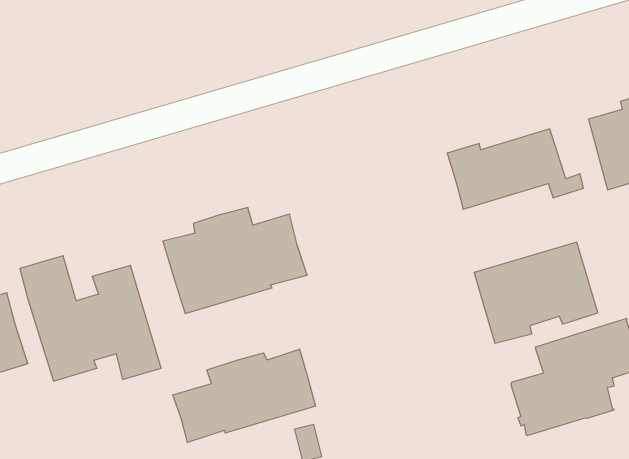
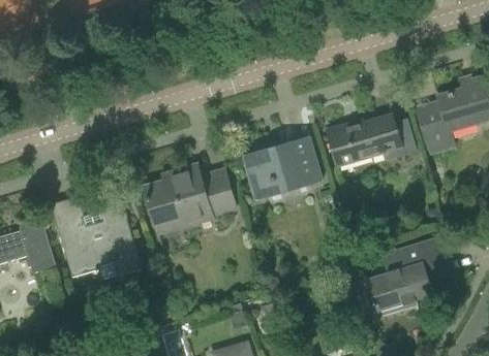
building: [474,242,598,343] -> [242,135,322,200]
building: [173,349,315,442] -> none

